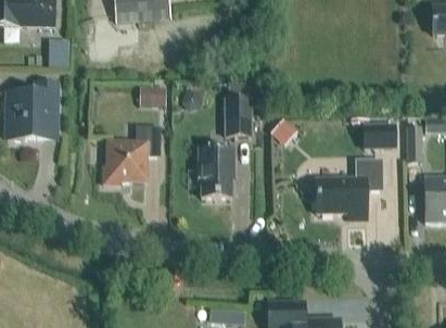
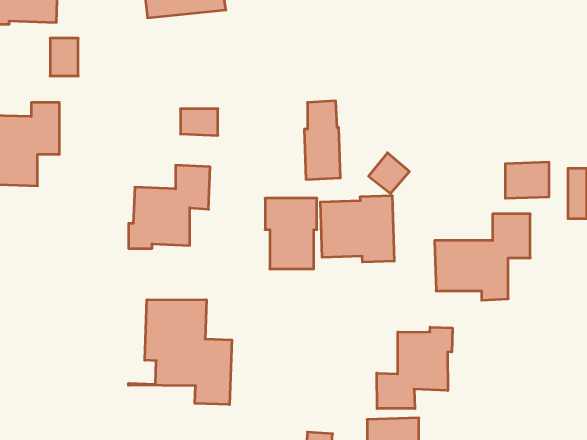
building: none -> [320,196,394,262]
building: none -> [128,300,232,405]
building: none -> [377,327,452,409]

